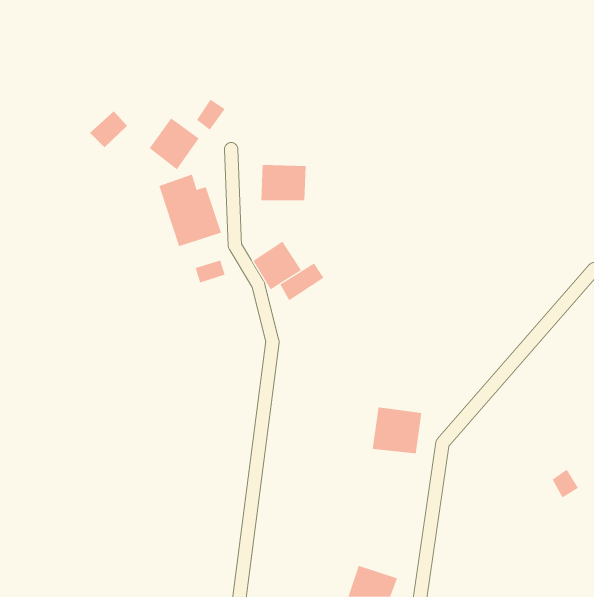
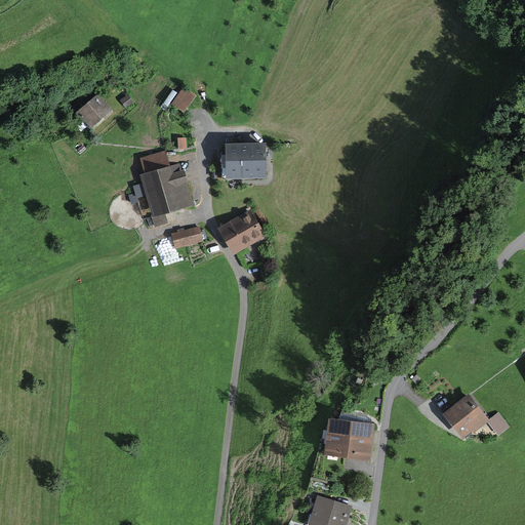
building: [149,118,200,170] -> none
building: [280,263,324,301] -> none
building: [372,407,422,454] -> [324,417,368,458]
building: none -> [443,397,481,434]

